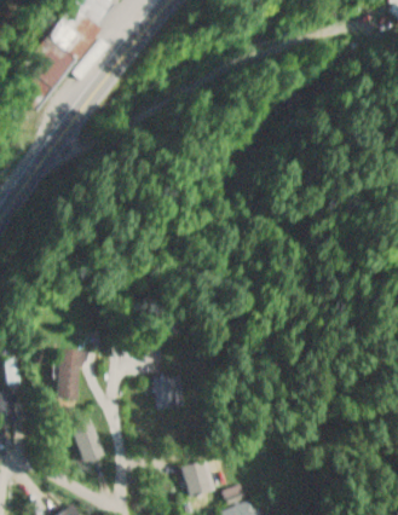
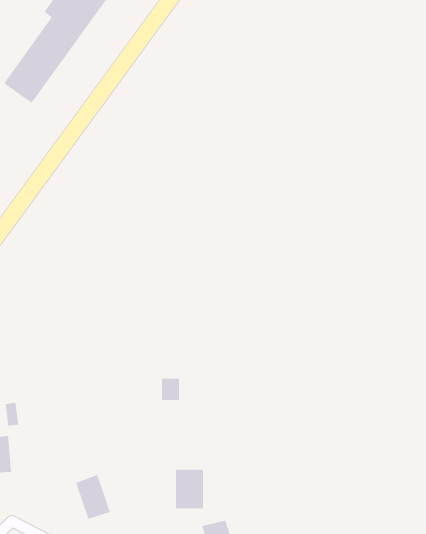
building: [64,351,82,397] -> none
building: [155,376,179,410] -> [175,469,204,509]

